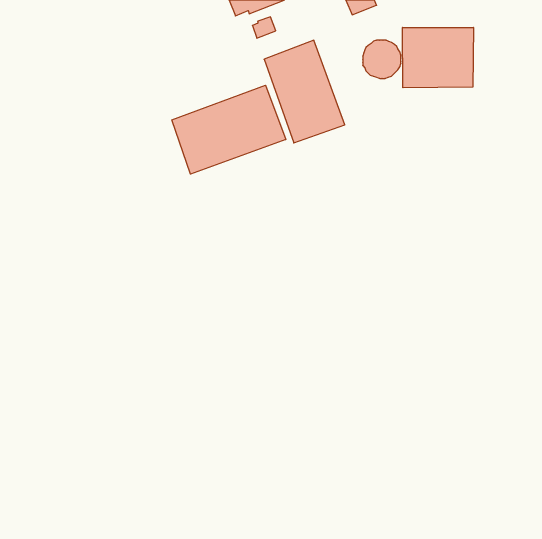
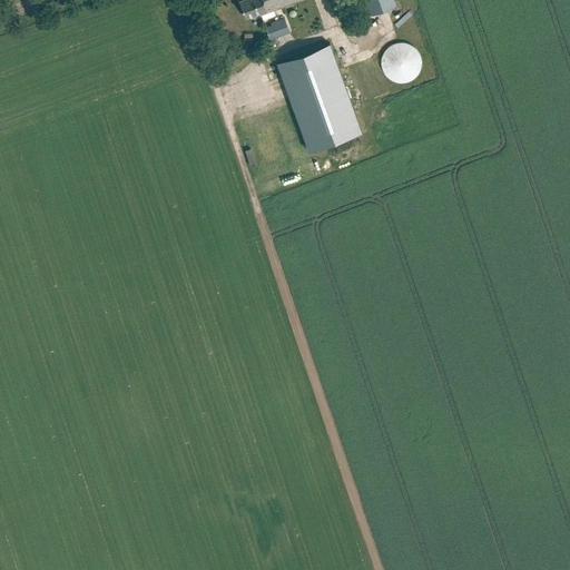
building: [403,27,473,88] -> none
building: [172,85,286,174] -> none

